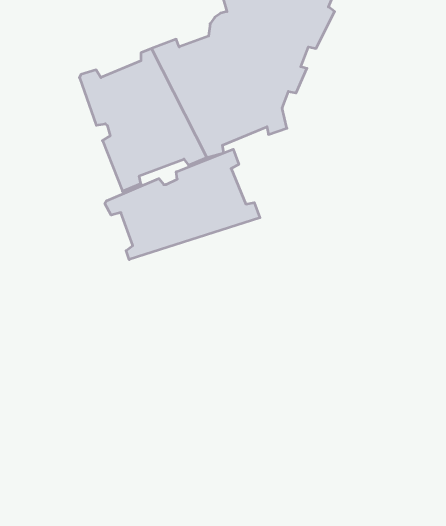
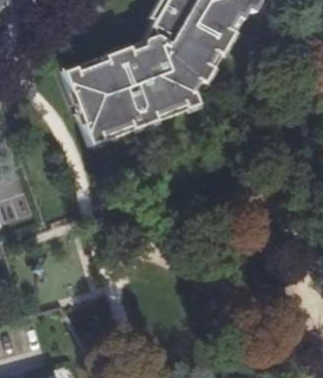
building: [105,149,260,260] -> none

